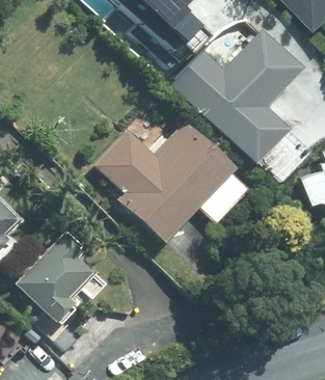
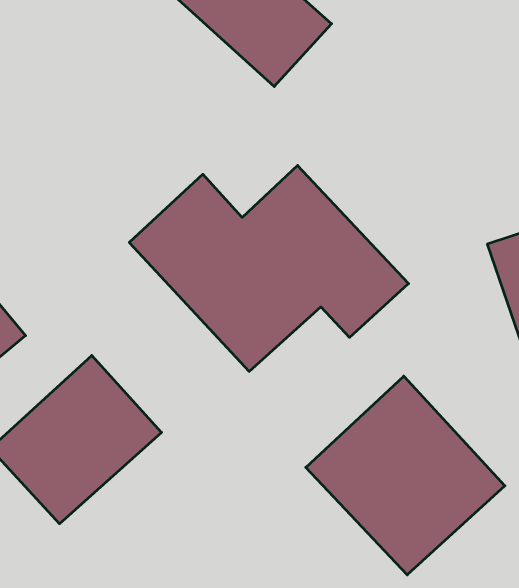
building: [184,31,297,154] -> none
building: none -> [306,376,505,575]

